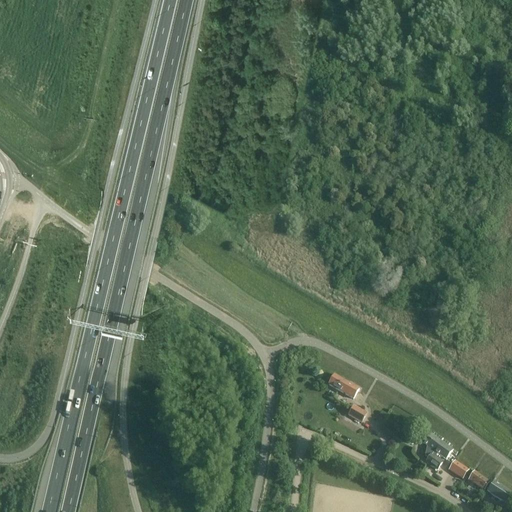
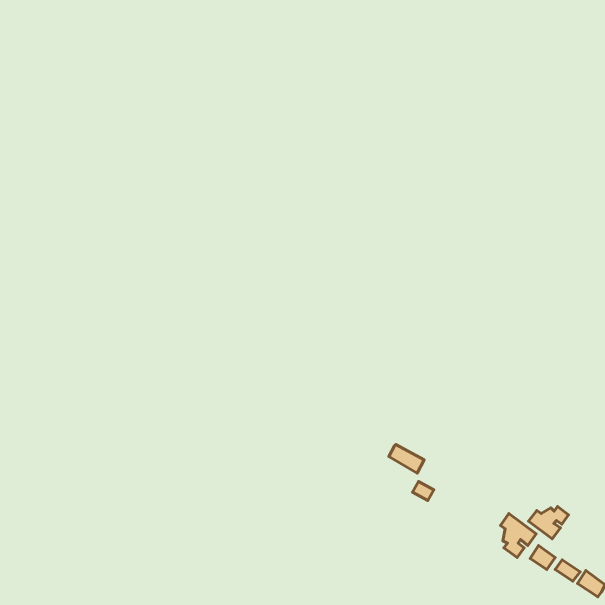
building: none -> [528,507,569,539]

